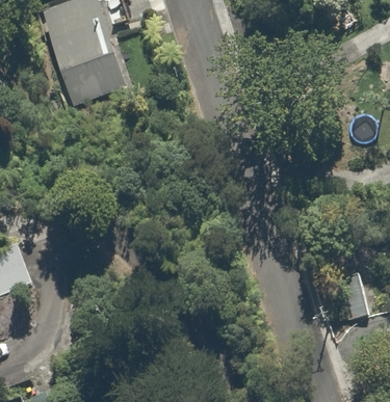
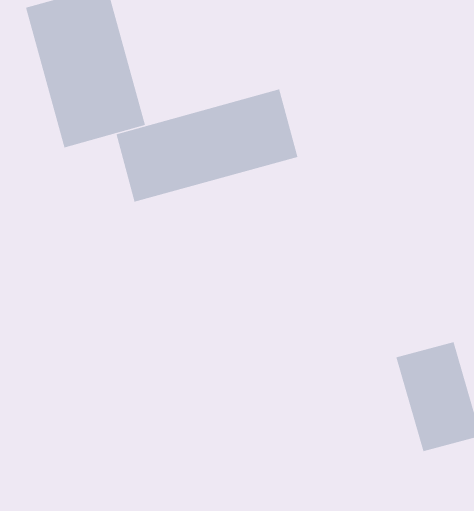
building: none -> [116,89,298,203]

